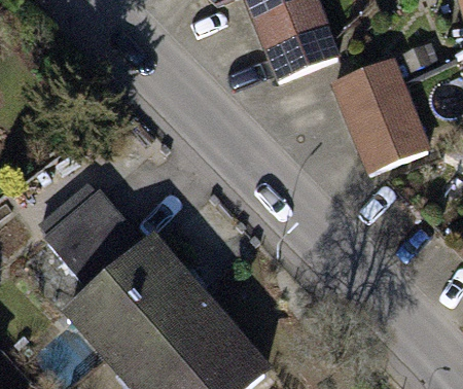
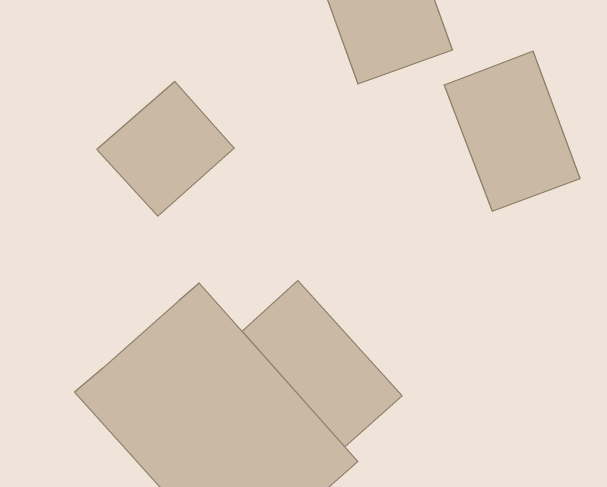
building: [40,194,140,292] -> [97,82,234,216]
building: none -> [242,281,402,447]

